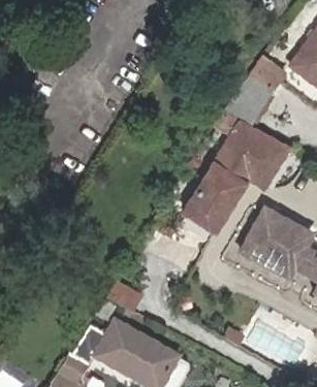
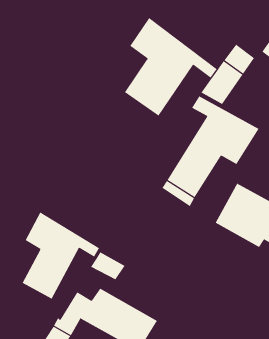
building: none -> [124,17,217,116]
building: none -> [22,212,100,299]

